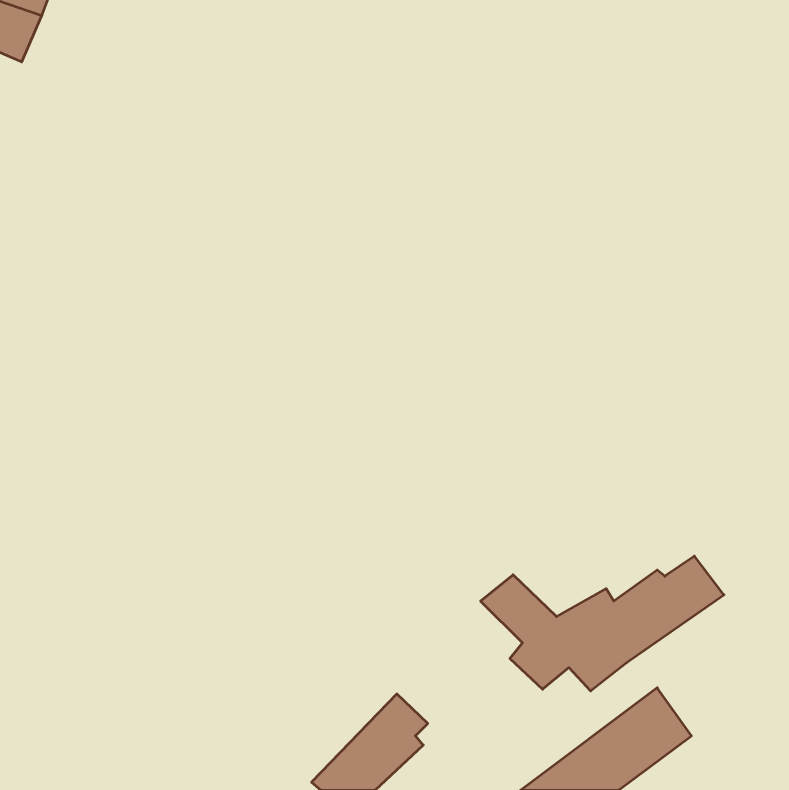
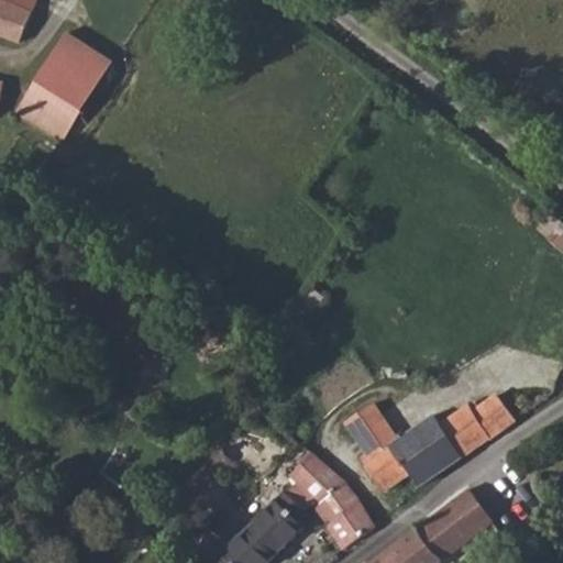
building: none -> [13,34,110,141]
building: none -> [288,451,373,548]

